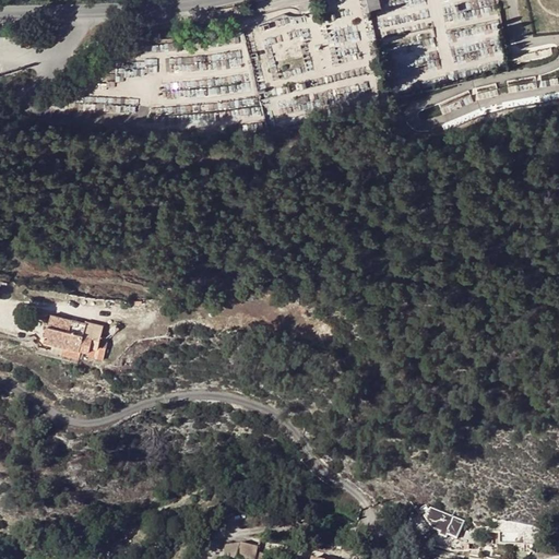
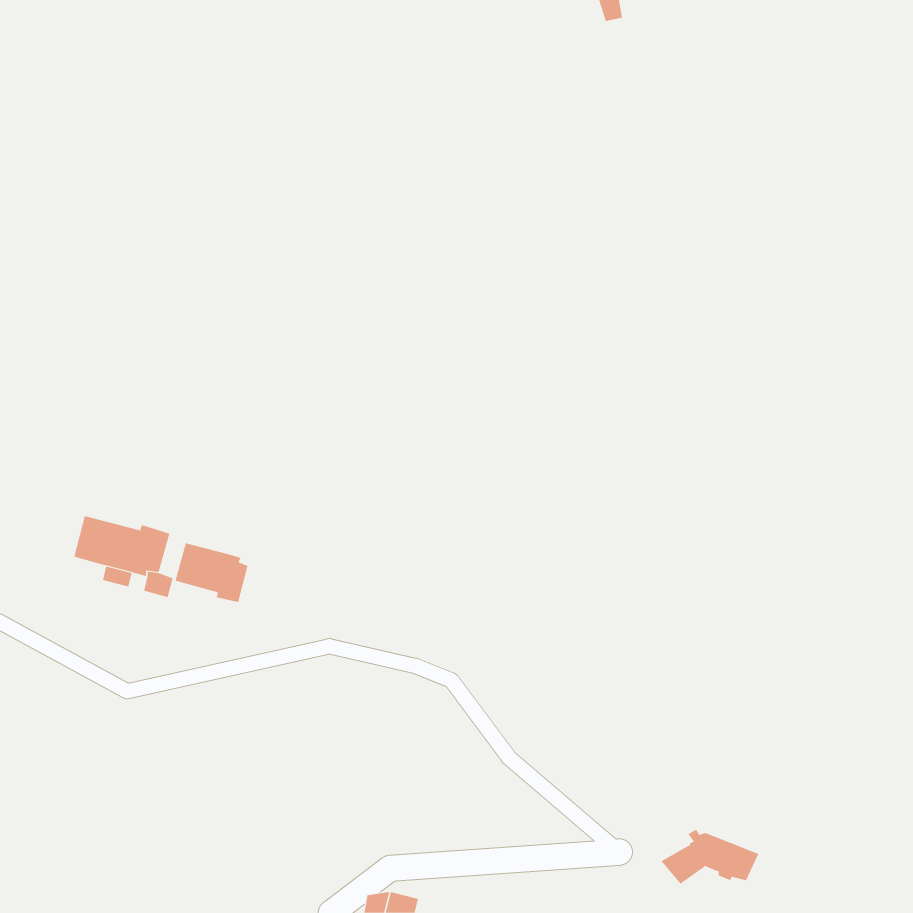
building: none -> [175,543,248,603]

